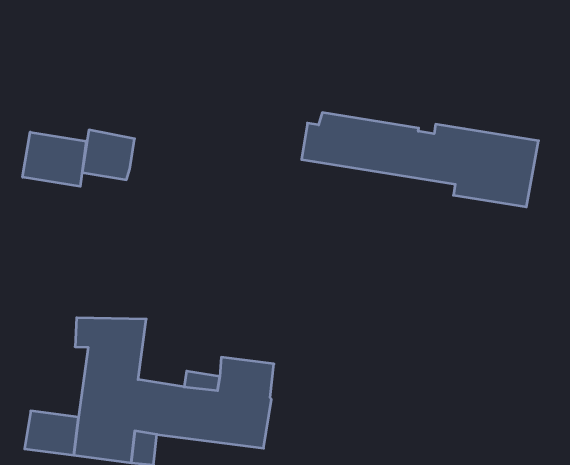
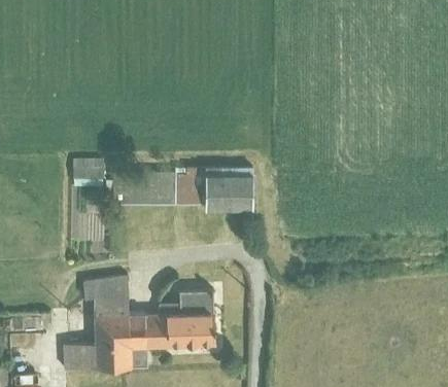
building: [302,113,539,207] -> [104,170,252,213]
building: [23,132,86,186] -> none

